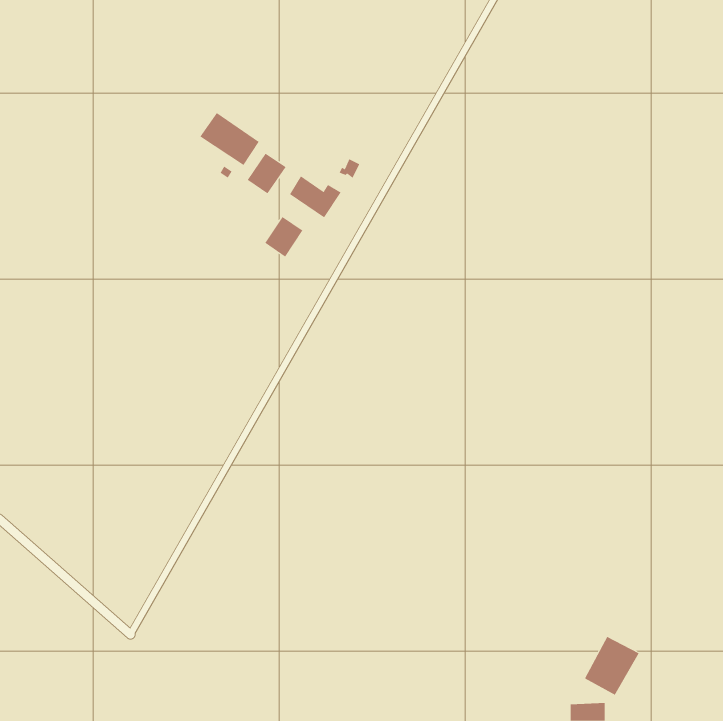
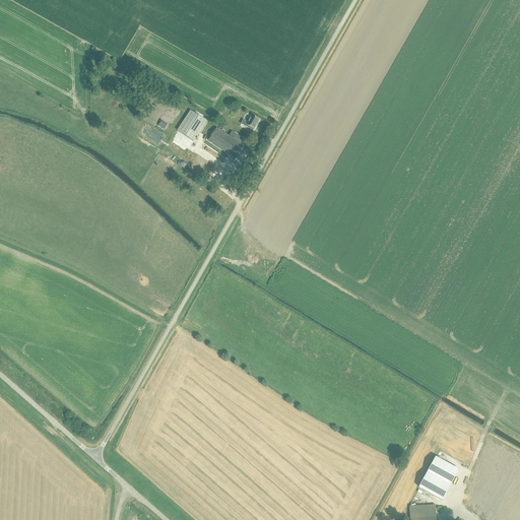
building: [199,112,260,166] -> none
building: [264,216,303,257] -> none

